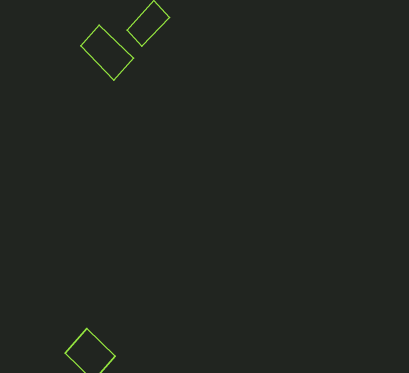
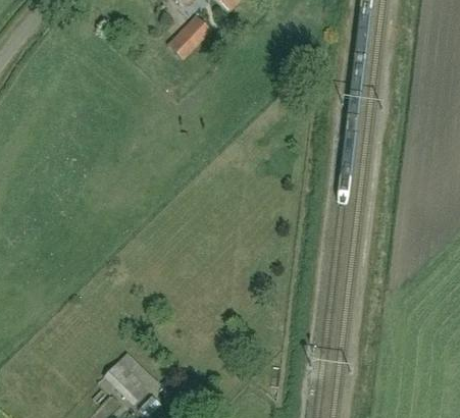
building: [81,25,133,80] -> none

